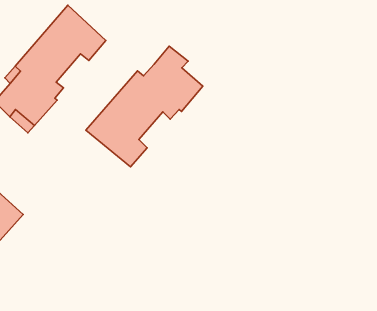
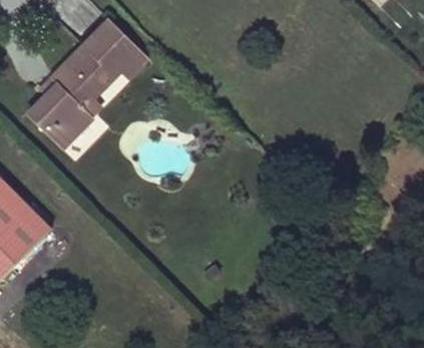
building: [86,46,203,167] -> none

